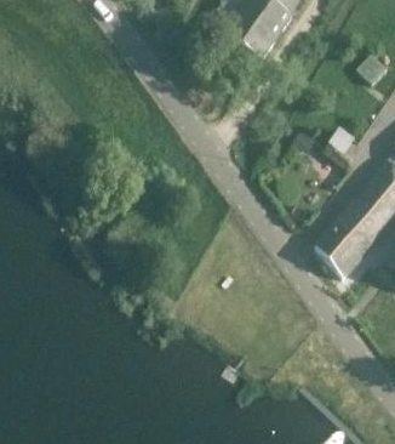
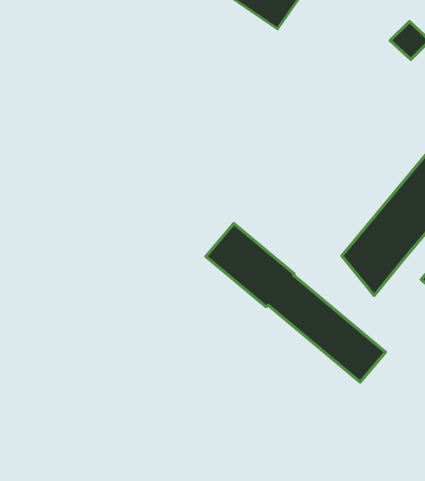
building: none -> [206,223,385,382]

